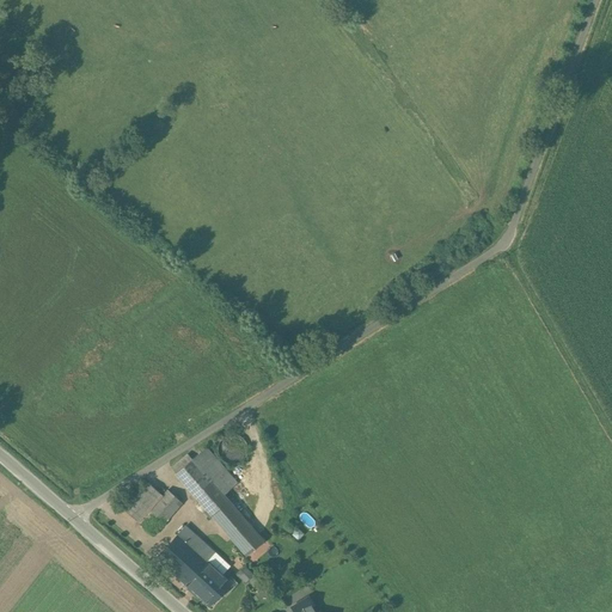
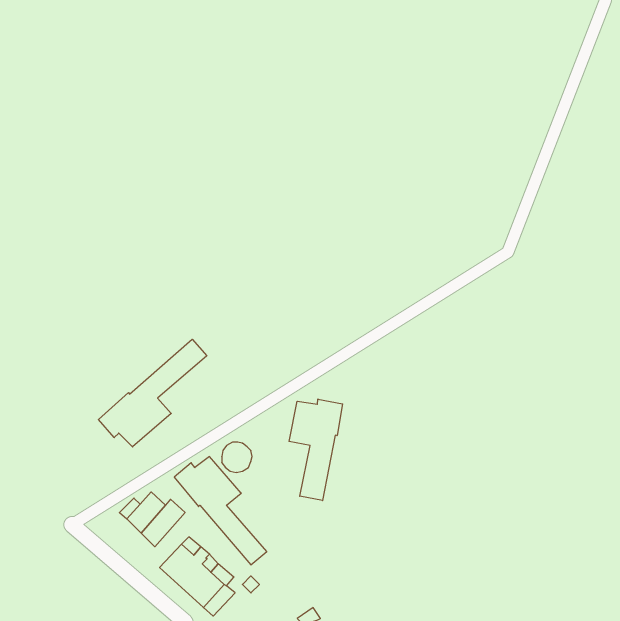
building: none -> [98,339,207,447]
building: none -> [289,399,343,501]

